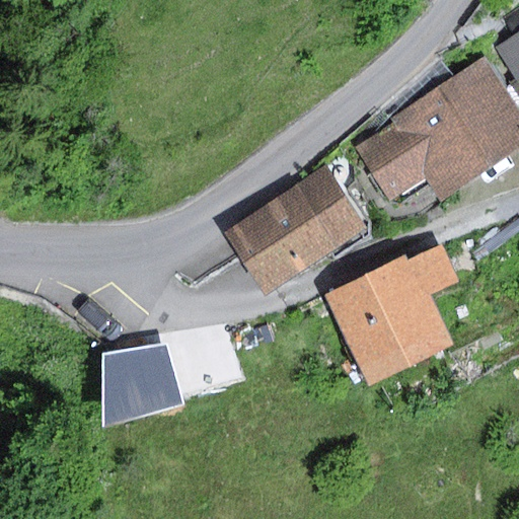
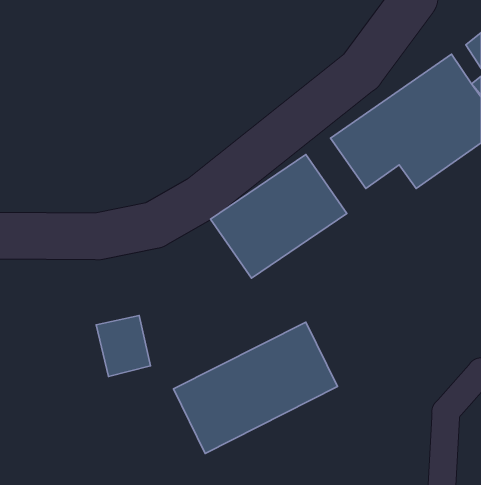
building: [324,245,459,386] -> none
building: none -> [174,322,337,453]

